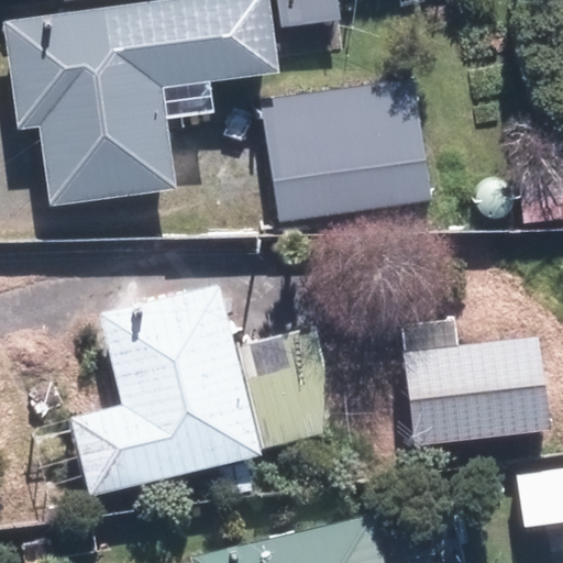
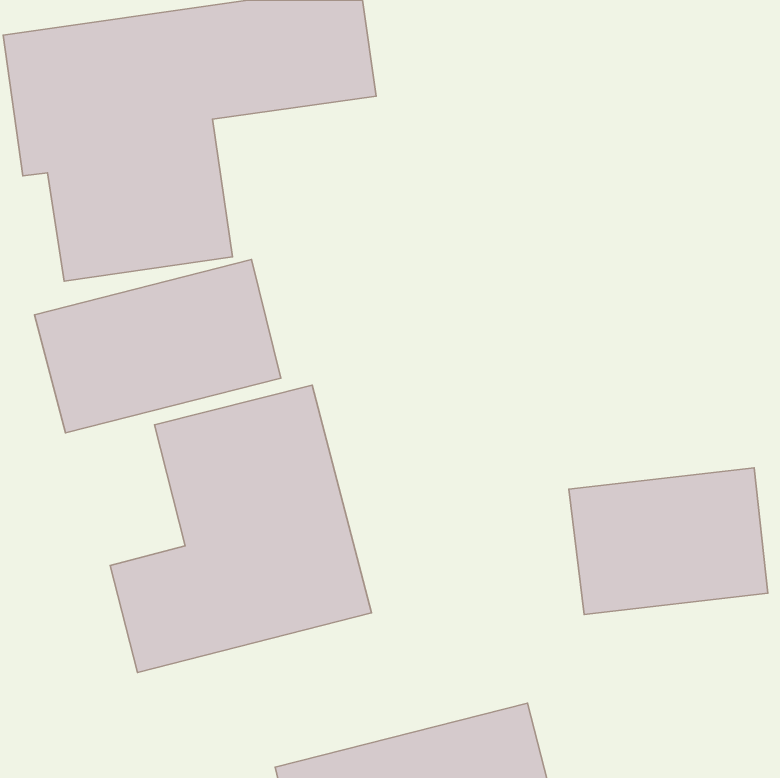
building: [266,89,427,221] -> none
building: none -> [35,259,281,433]

